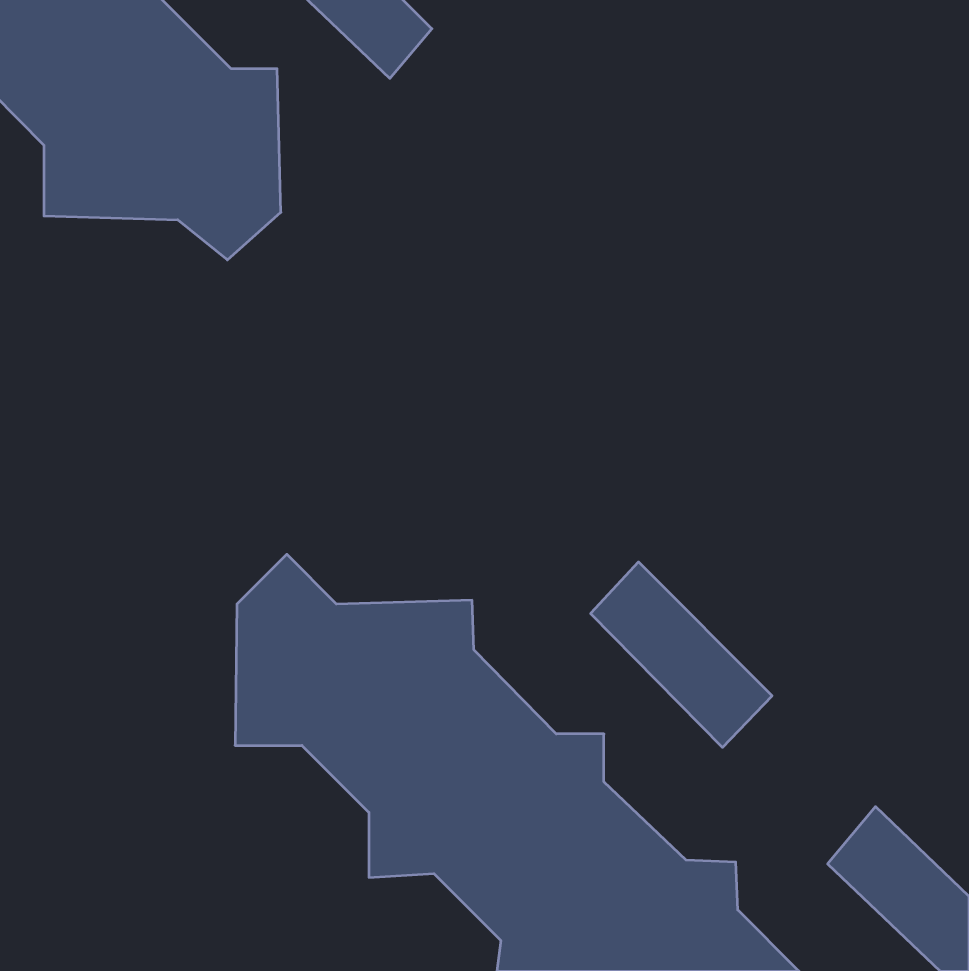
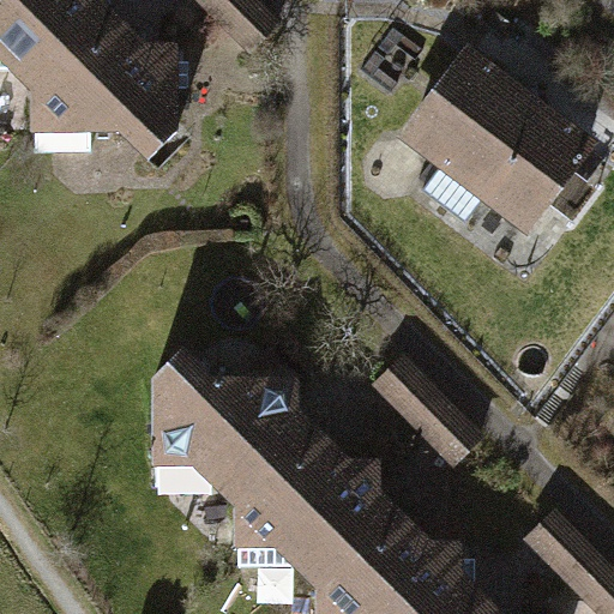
building: none -> [402,46,598,228]

